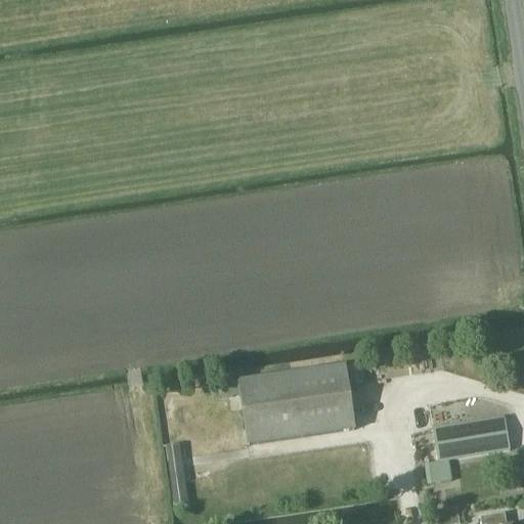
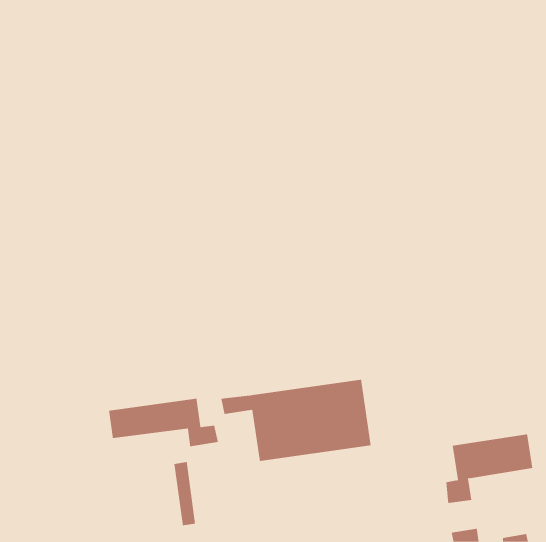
building: none -> [109,398,218,447]

